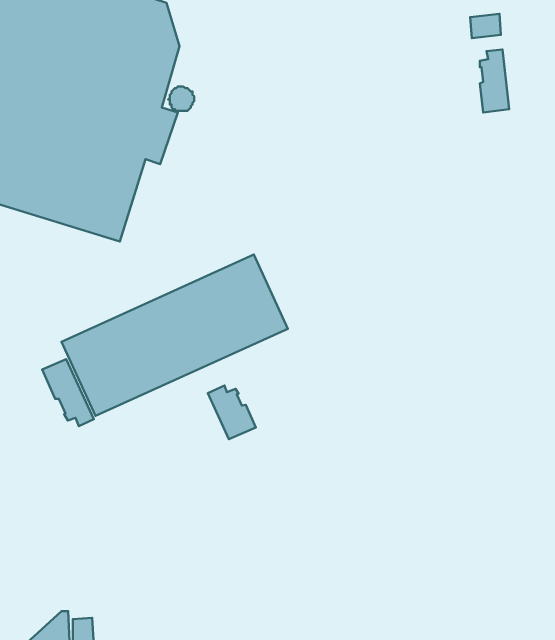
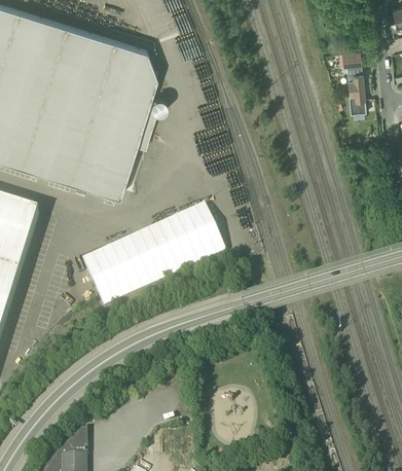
building: [42,359,94,426] -> none
building: [208,386,256,439] -> none

